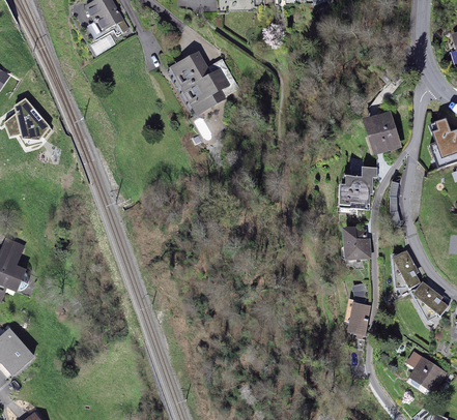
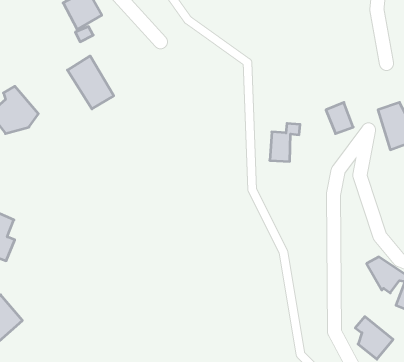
building: [174,50,225,108] -> [67,56,114,109]
building: [345,167,378,208] -> [270,123,300,161]
building: [347,230,366,262] -> none
building: [392,251,425,294] -> none
building: [348,301,372,347] -> none

